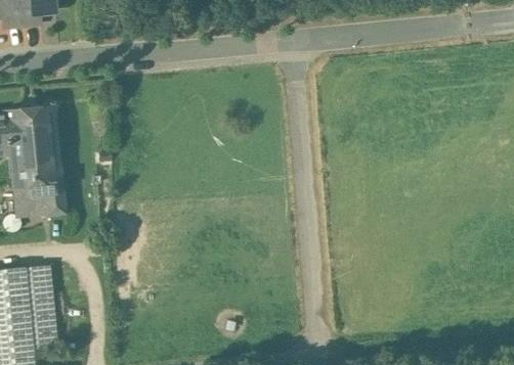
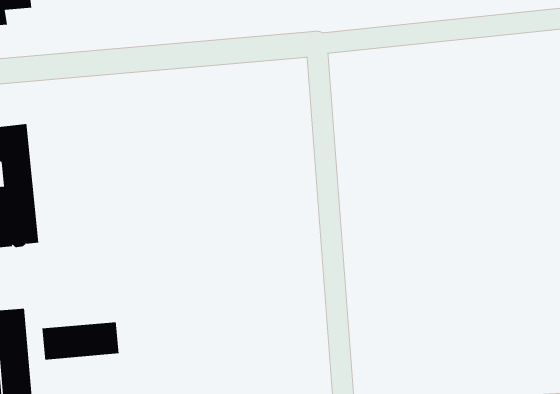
building: none -> [42,321,119,360]

